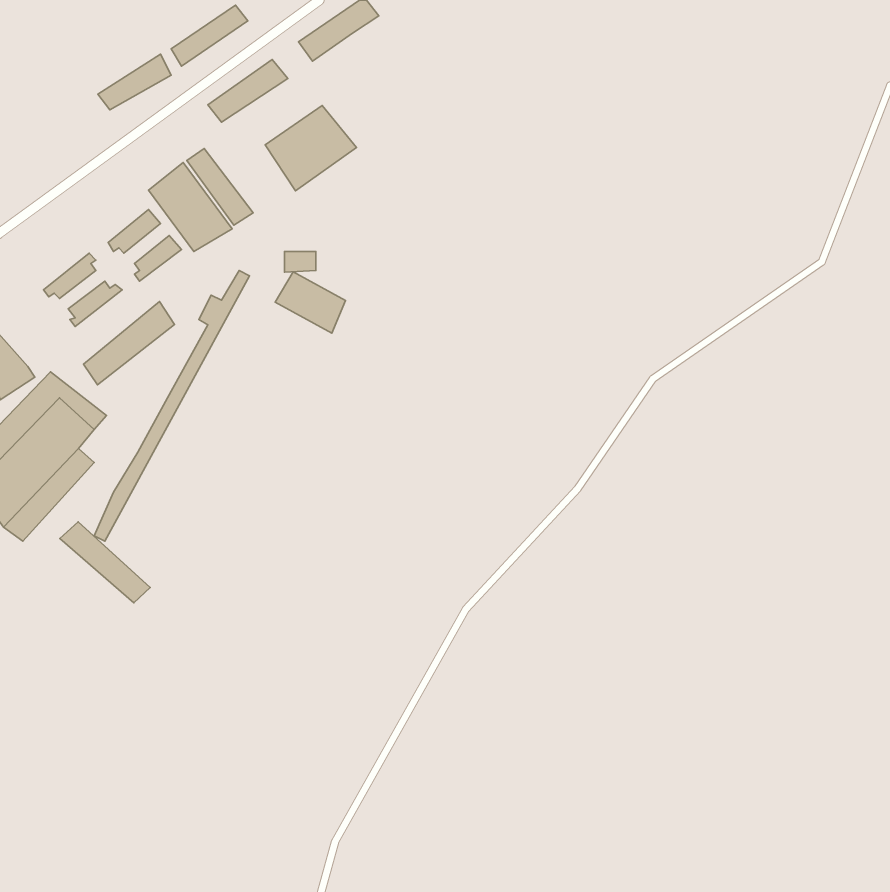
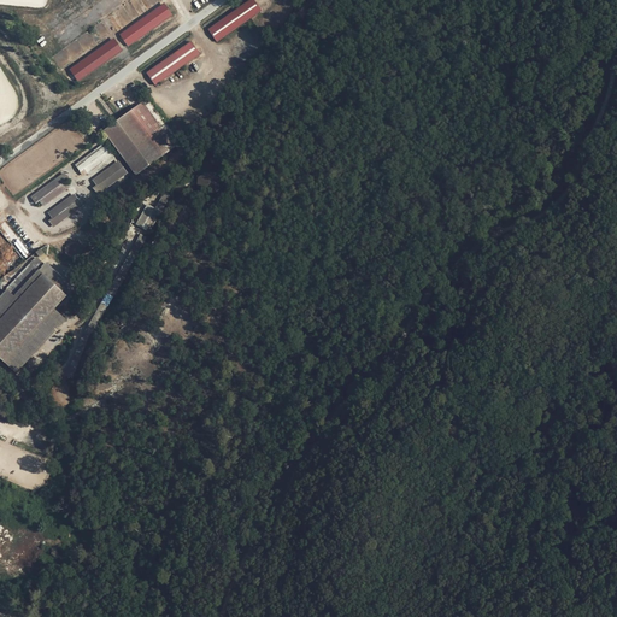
building: [265,105,357,191] -> none
building: [275,272,345,333] -> none
building: [84,302,175,385] -> none
building: [60,522,150,603] -> none

